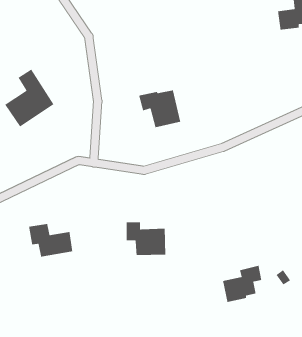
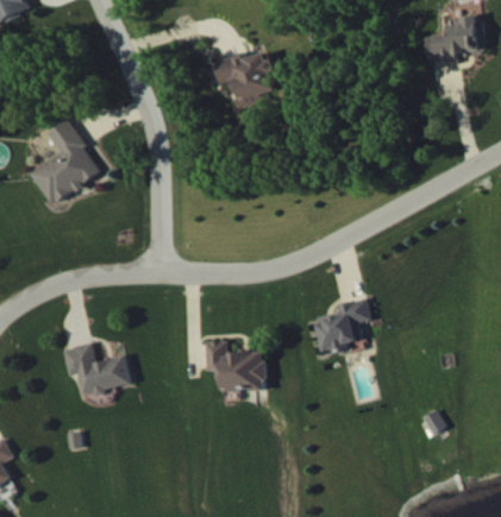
building: [138,89,181,128] -> [215,52,277,108]
building: [222,265,262,303] -> [312,297,370,352]

